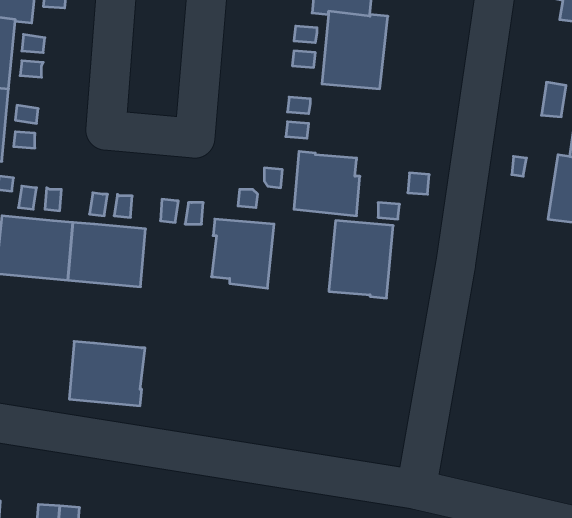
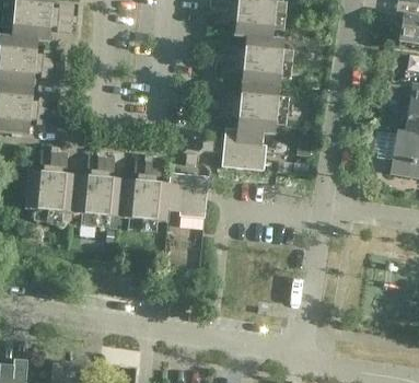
building: [329,221,393,298] -> [236,82,279,134]
building: [69,341,145,406] -> [120,178,171,221]

